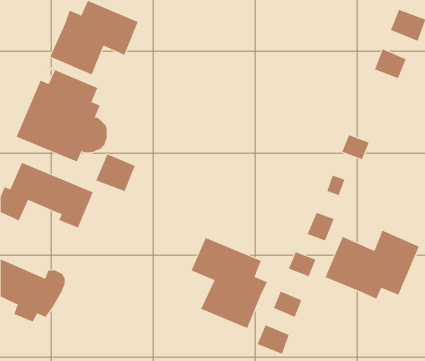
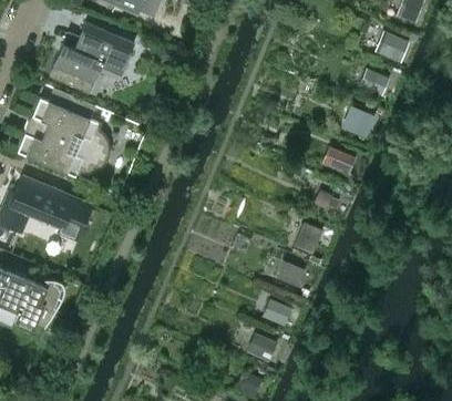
building: none -> [341,109,374,141]
building: [95,154,136,192] -> none
building: [325,230,419,300] -> none
building: [191,237,268,329] -> none

